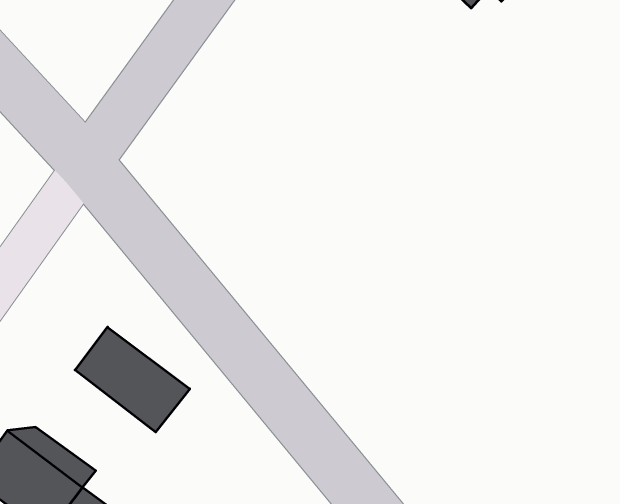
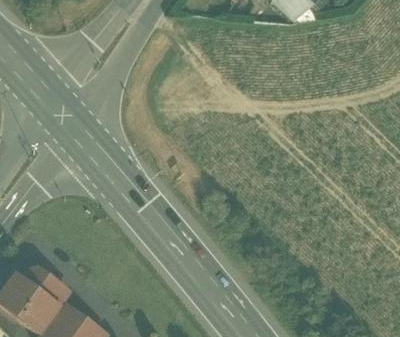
building: [75,327,190,432] -> none

